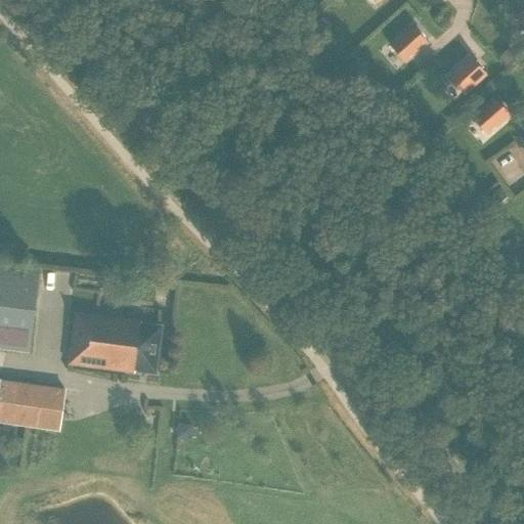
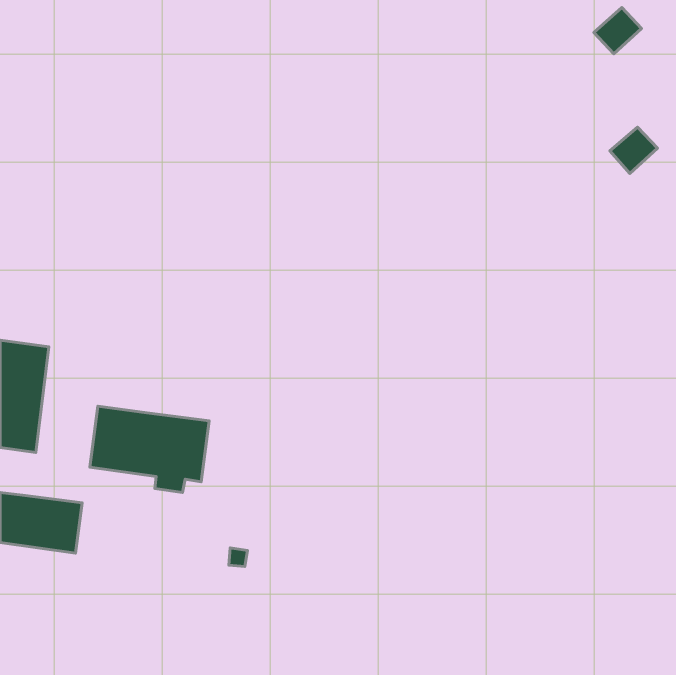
building: [390,27,427,62] -> none
building: [448,58,485,94] -> [594,7,642,54]

